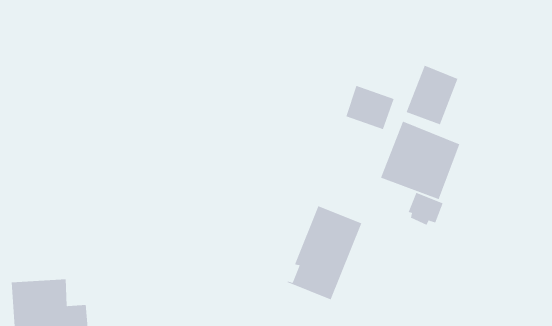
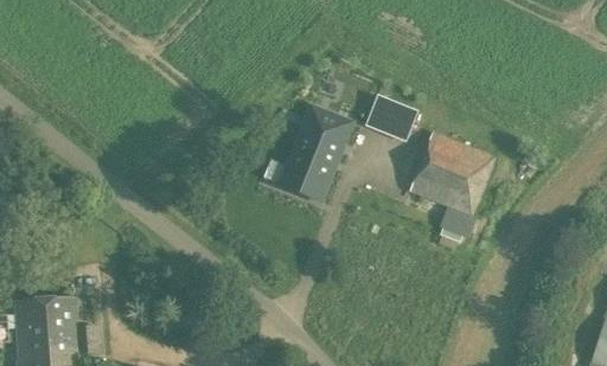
building: [406,65,458,125] -> none
building: [287,205,362,300] -> [276,103,357,204]

